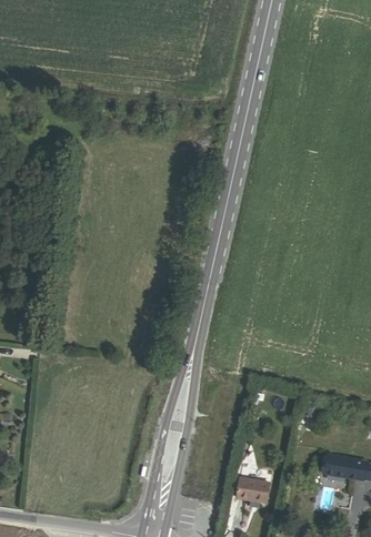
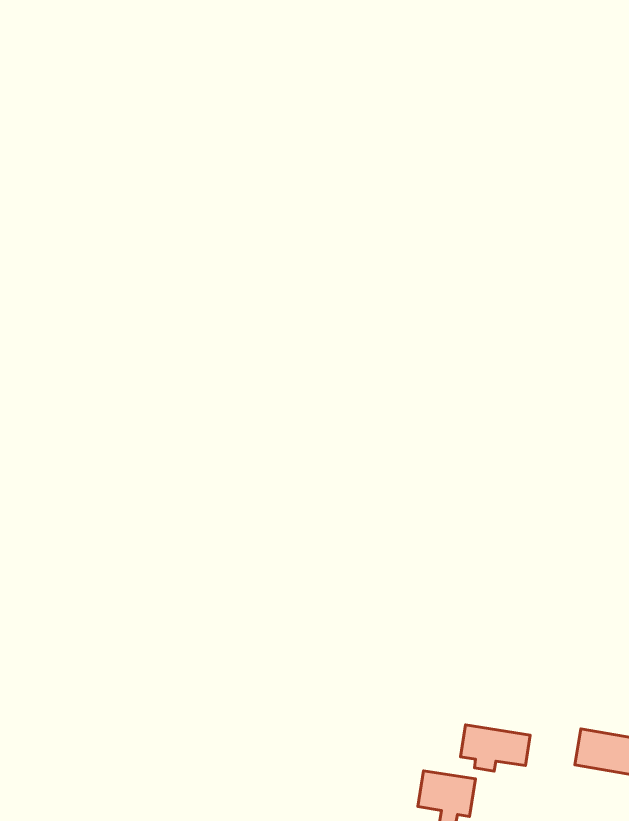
building: none -> [460,725,530,771]

